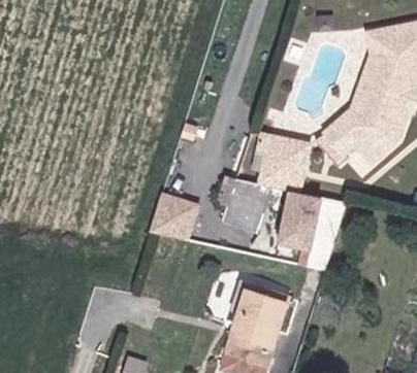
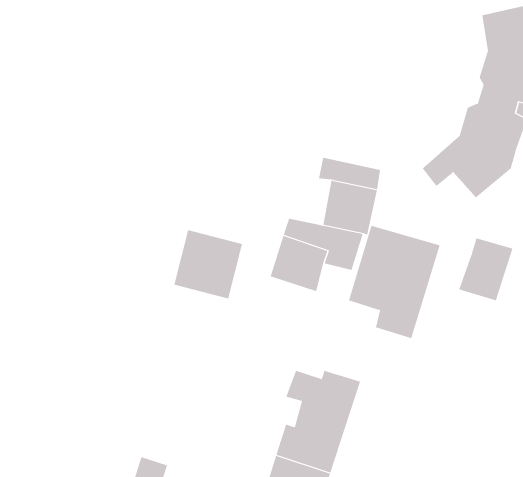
building: [324,35,379,146] -> none
building: none -> [459,238,513,301]

